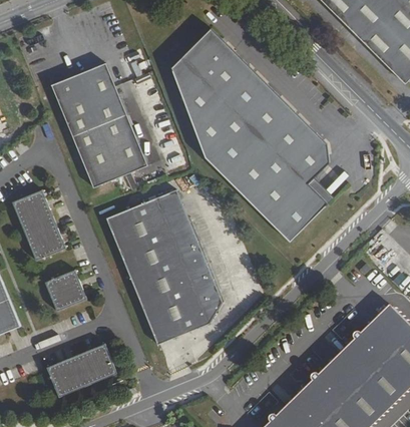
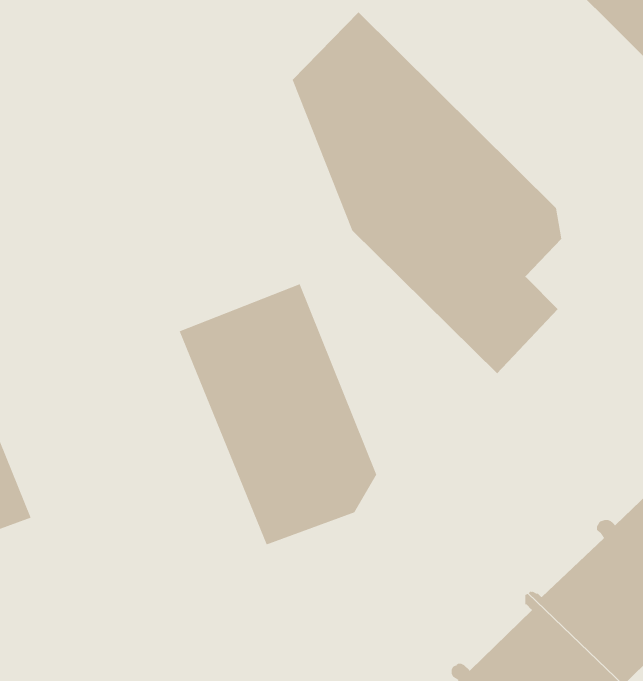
building: [52,64,147,186] -> none
building: [12,190,66,262] -> none
building: [44,271,87,313] -> none
building: [46,345,116,399] -> none

